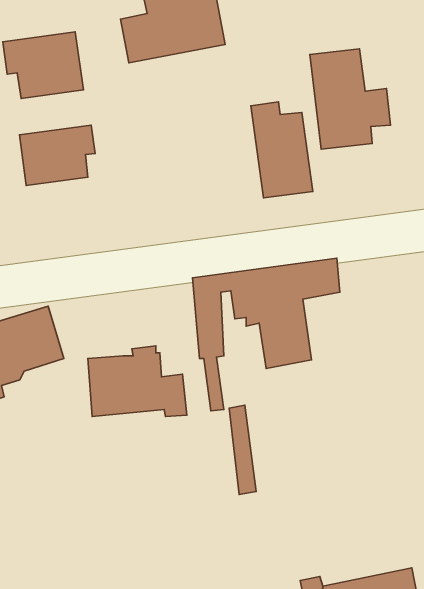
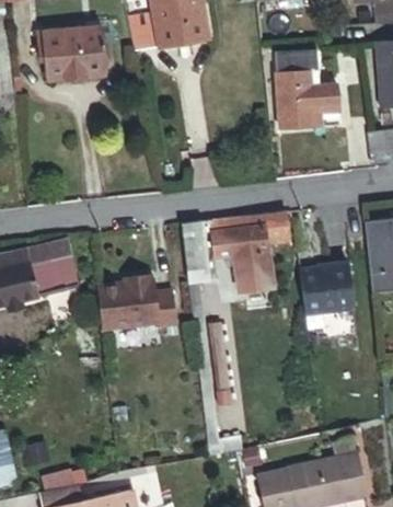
building: [251,102,313,198] -> none
building: [20,125,95,186] -> none
building: none -> [301,260,356,314]

